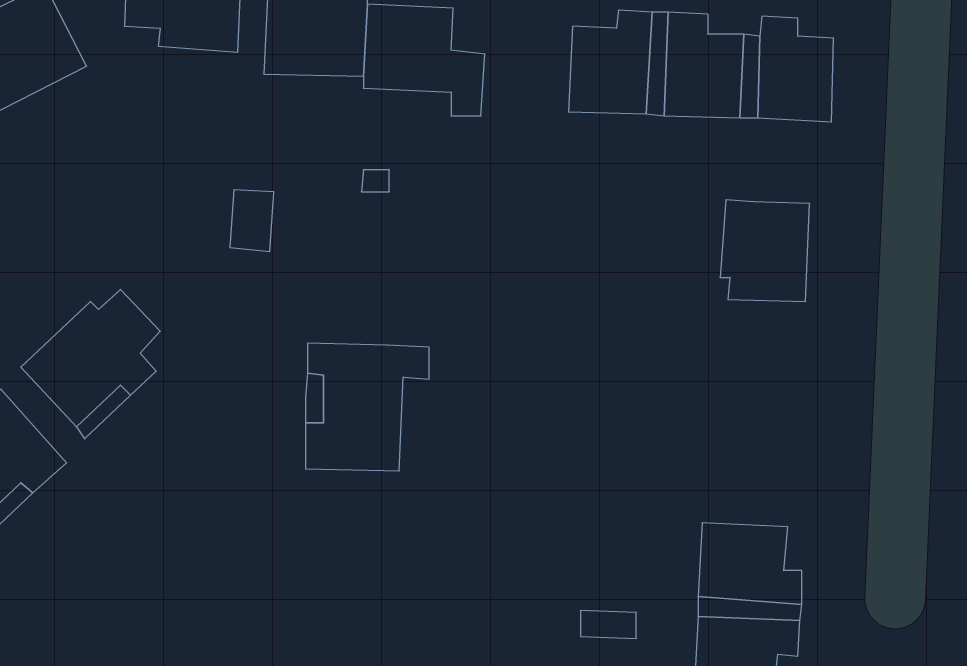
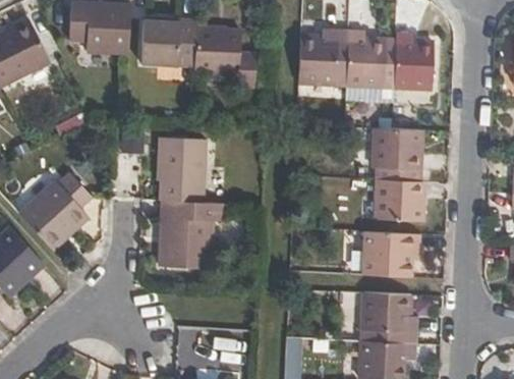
building: none -> [158,137,207,202]
building: none -> [376,178,421,221]
building: none -> [361,231,419,276]

